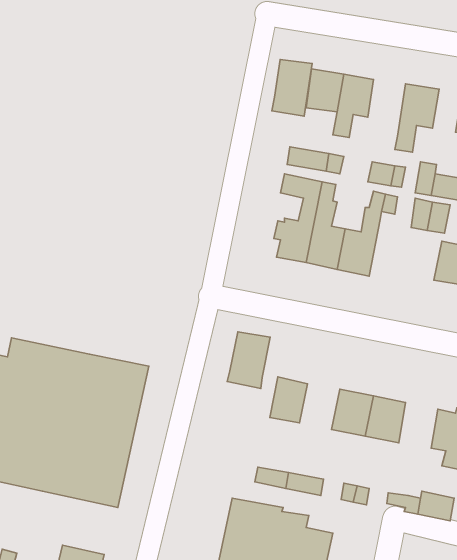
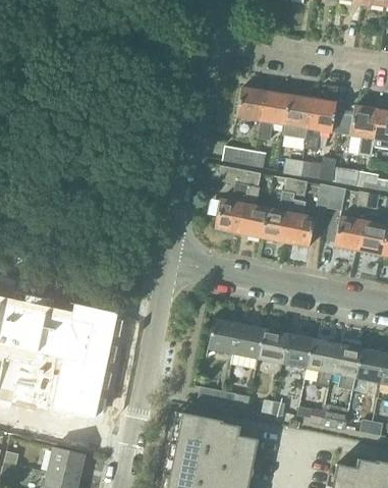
building: [272,60,312,116] -> [282,95,313,138]
building: none -> [285,201,316,248]
building: [227,332,270,388] -> [230,325,263,368]
building: none -> [308,339,337,387]

